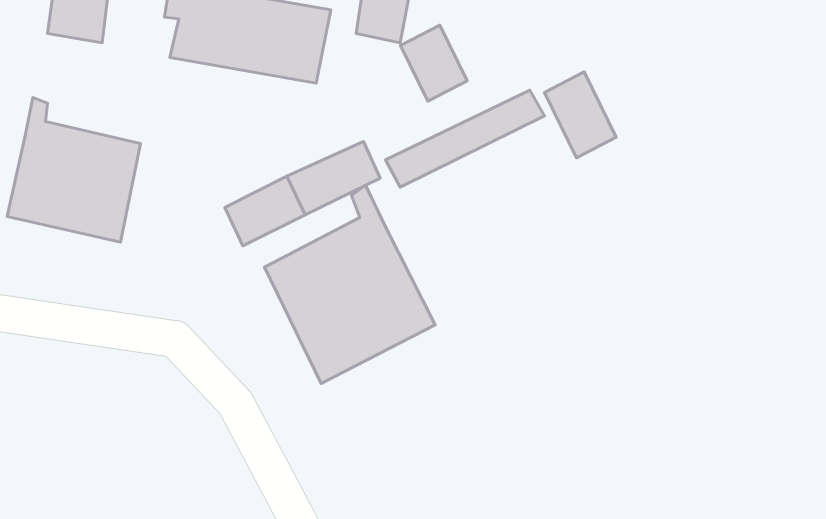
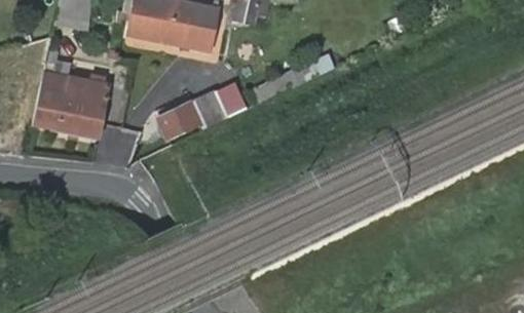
building: [400,25,467,101] -> none
building: [544,72,616,158] -> none
building: [265,185,435,383] -> none

